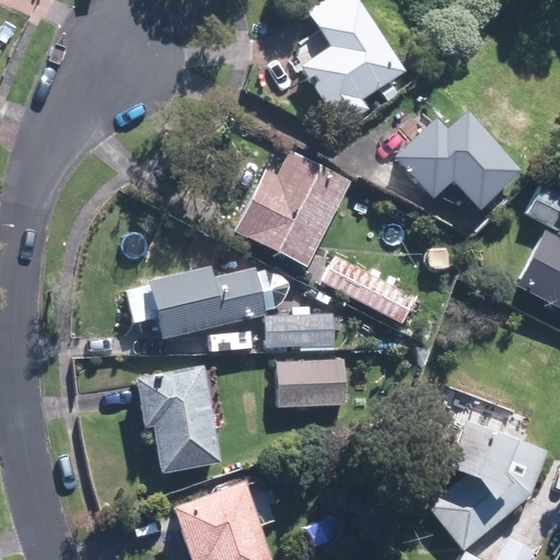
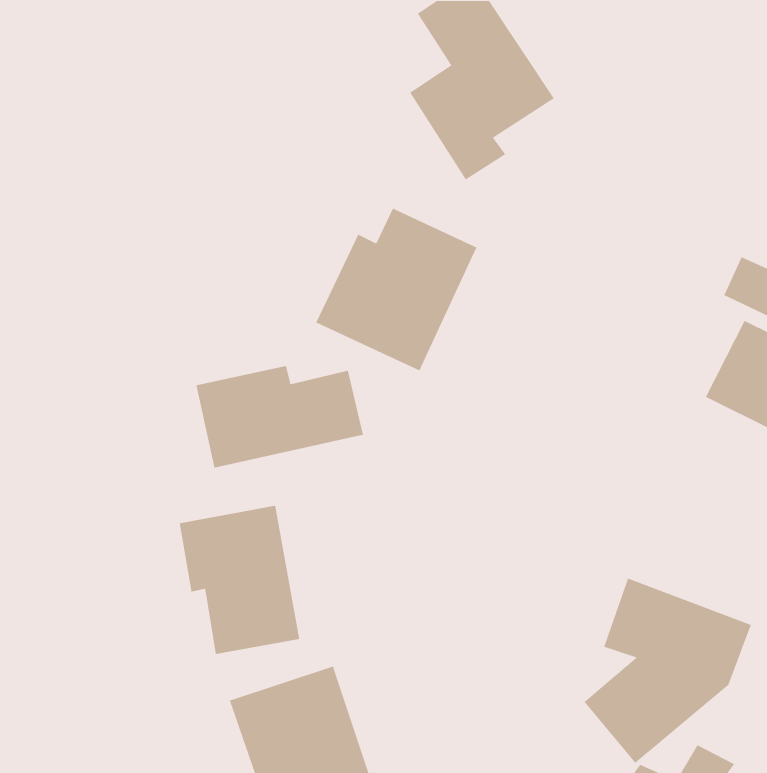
building: [390,110,522,211] -> none
building: [323,256,420,326] -> none
building: [267,315,337,348] -> none
building: [277,360,347,408] -> none

